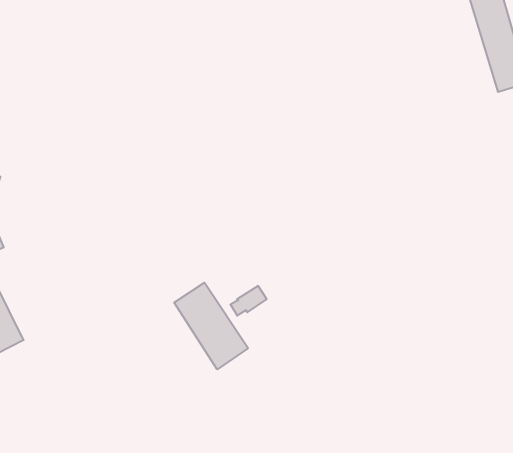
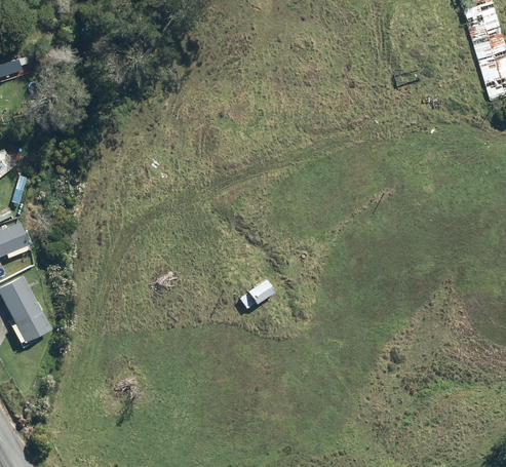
building: [174,283,248,369] -> none

